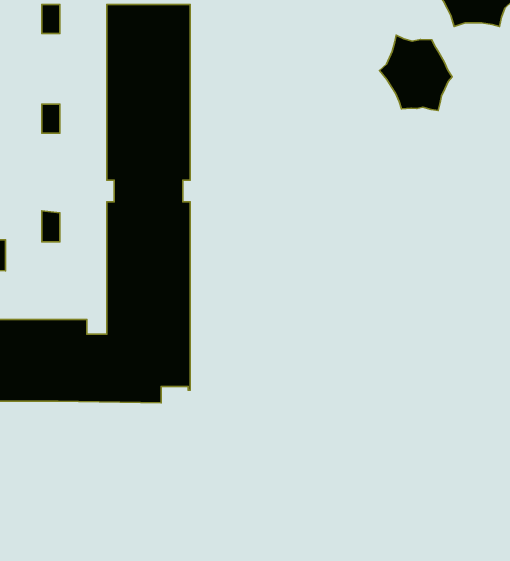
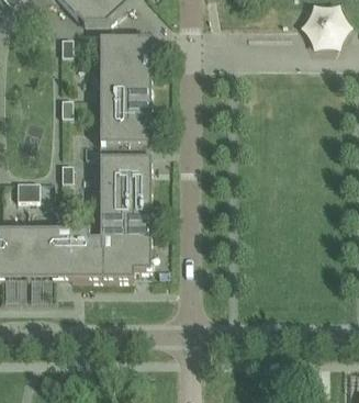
building: [380,35,452,111] -> none

